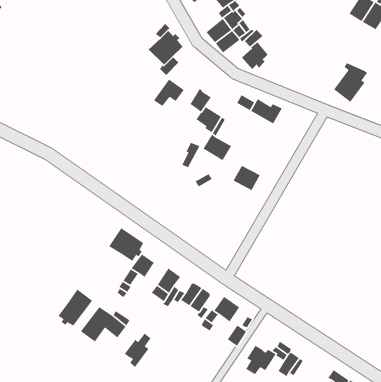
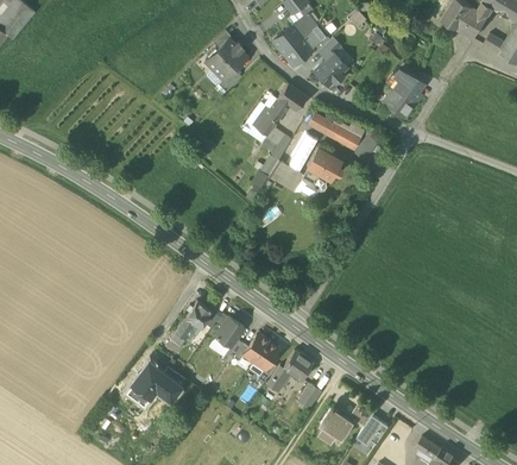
building: [333,62,368,103] -> [384,71,424,119]
building: [154,79,185,107] -> [270,84,307,118]
building: [233,165,261,191] -> [308,149,341,180]
building: [108,227,144,262] -> none
building: [58,289,93,327] -> none
building: [124,332,151,368] -> none

